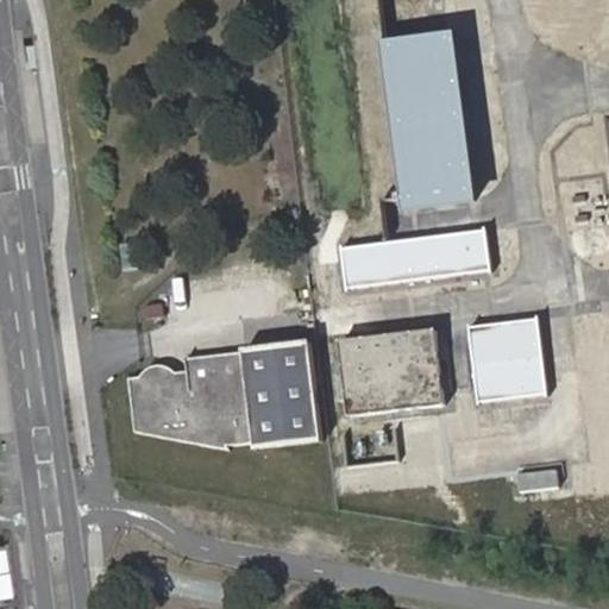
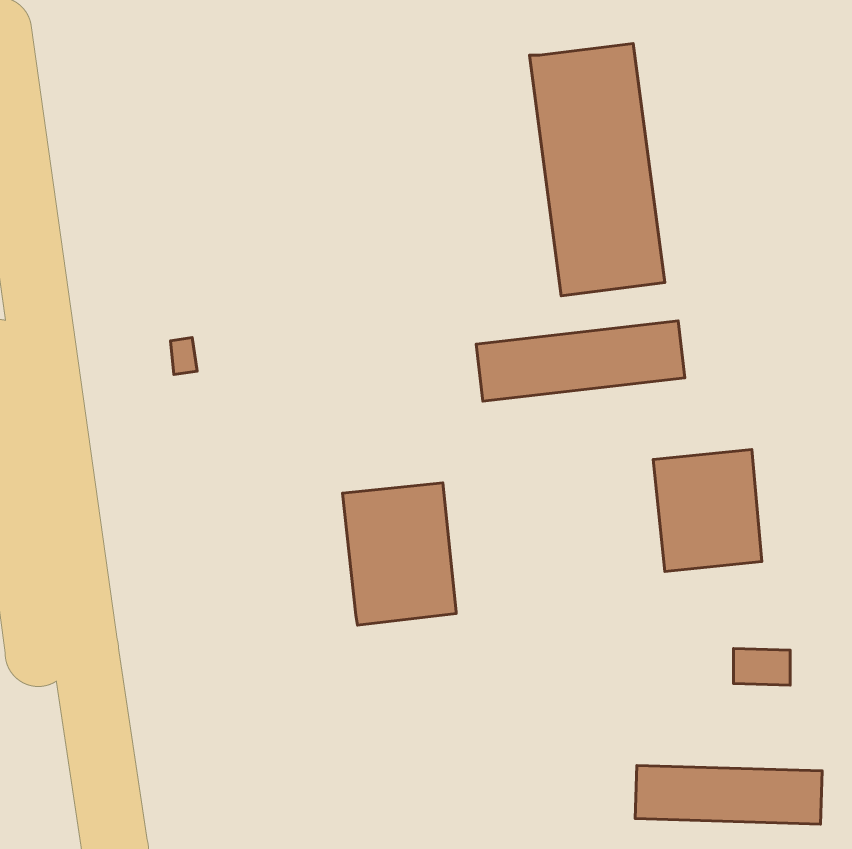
building: [346,329,442,412] -> none
building: [132,351,253,450] -> none
building: none -> [635,765,822,824]

